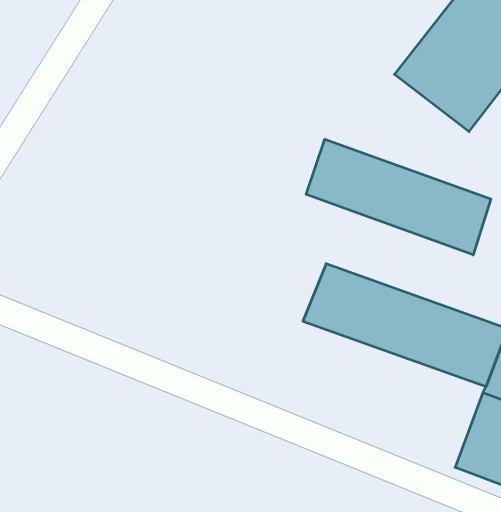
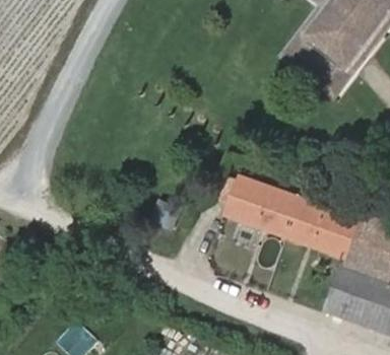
building: [306,139,491,255] -> none

